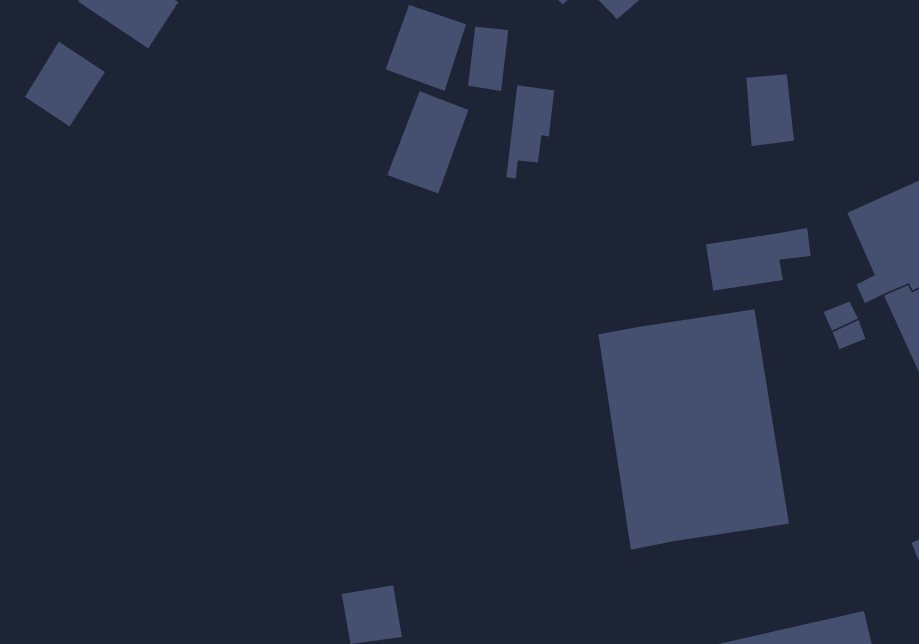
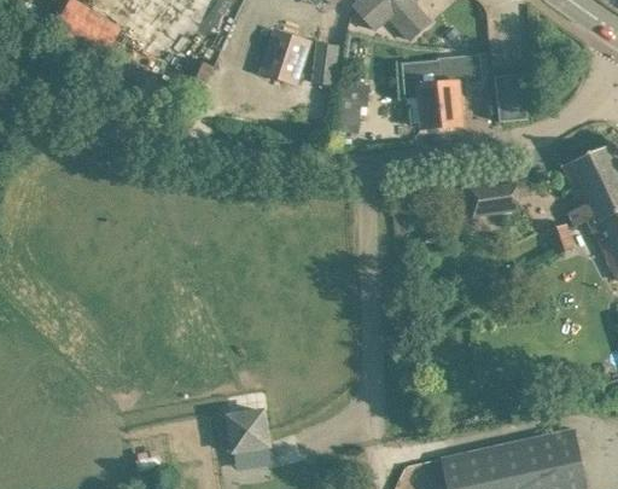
building: [24,41,106,128] -> none
building: none -> [403,56,482,128]
building: [386,90,470,194] -> none
building: [597,308,790,550] -> none

